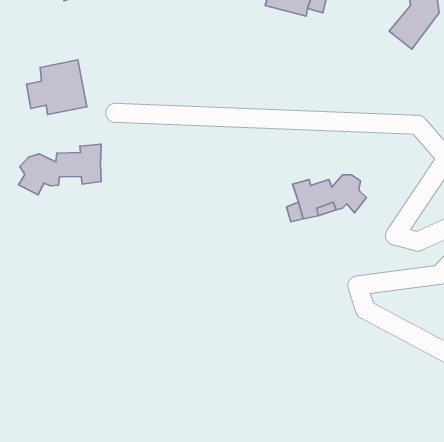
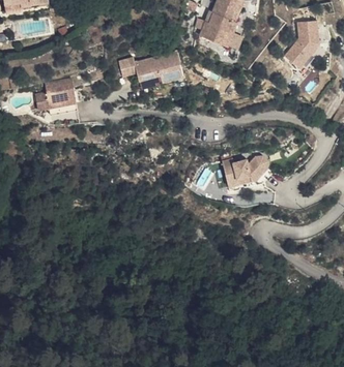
building: none -> [123,51,184,82]
building: [19,144,101,195] -> none

